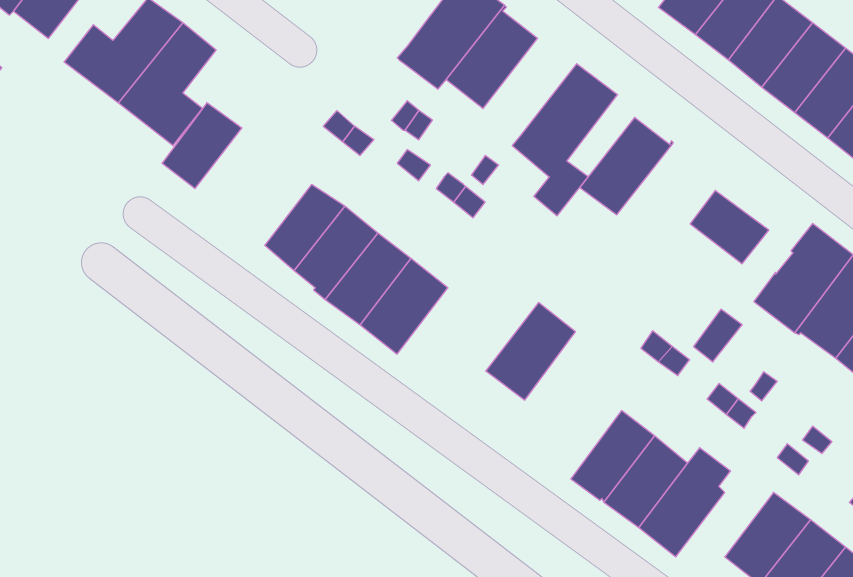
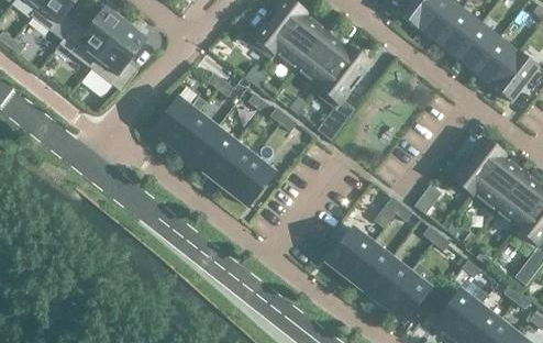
building: [162,103,242,188] -> [154,98,199,146]
building: [580,117,673,215] -> [296,30,348,85]
building: [690,190,769,264] -> none
building: [486,303,575,400] -> [323,223,374,278]

